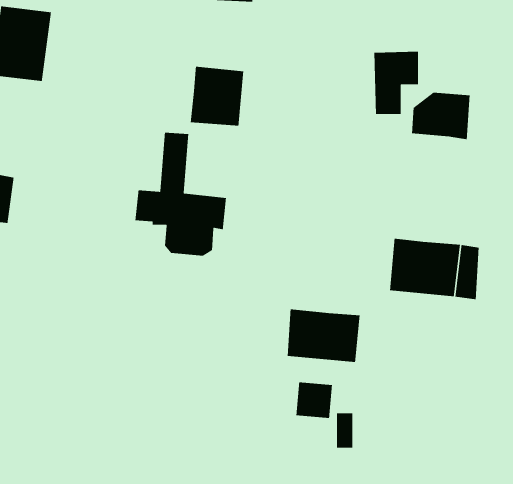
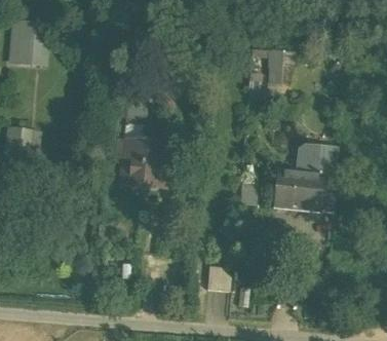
building: [190,66,244,127] -> none
building: [411,92,471,140] -> [296,145,335,177]
building: [287,309,360,363] -> none

